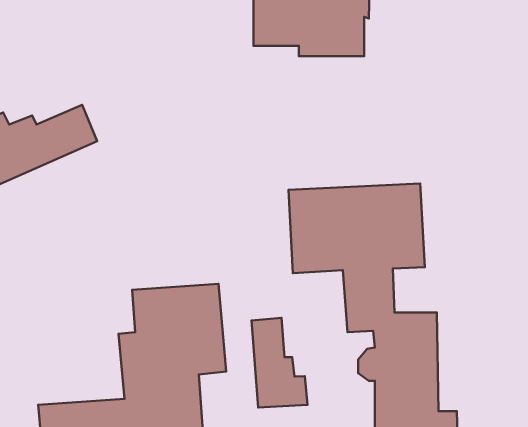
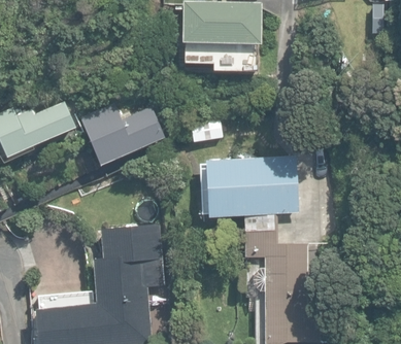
building: none -> [79,101,164,165]
building: [252,318,308,408] -> none

